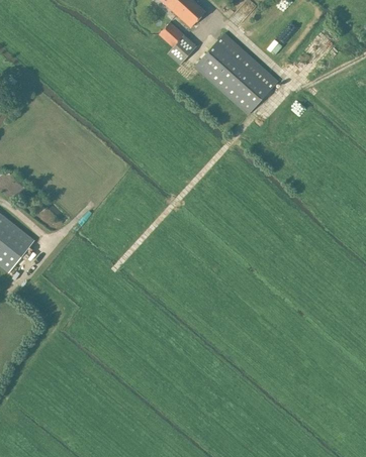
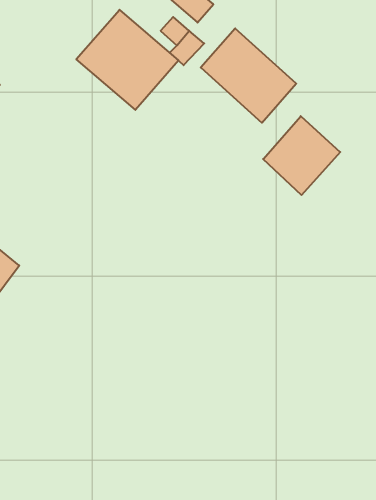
building: none -> [76,10,179,110]
building: none -> [263,116,340,195]

